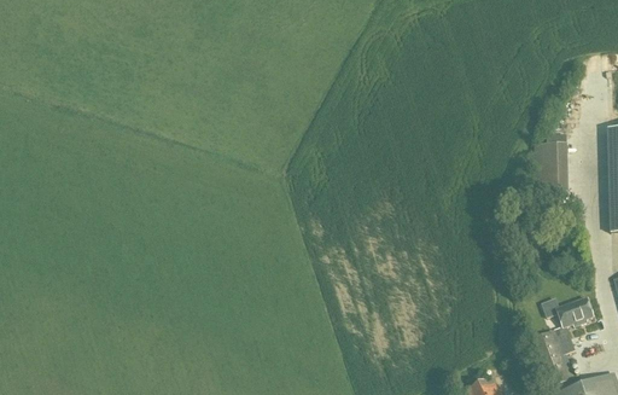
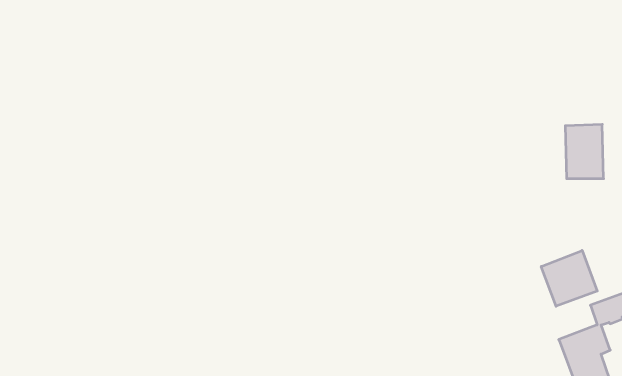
building: none -> [541,250,597,306]

